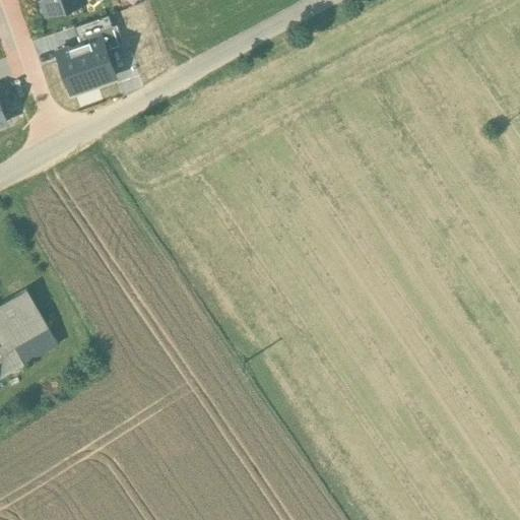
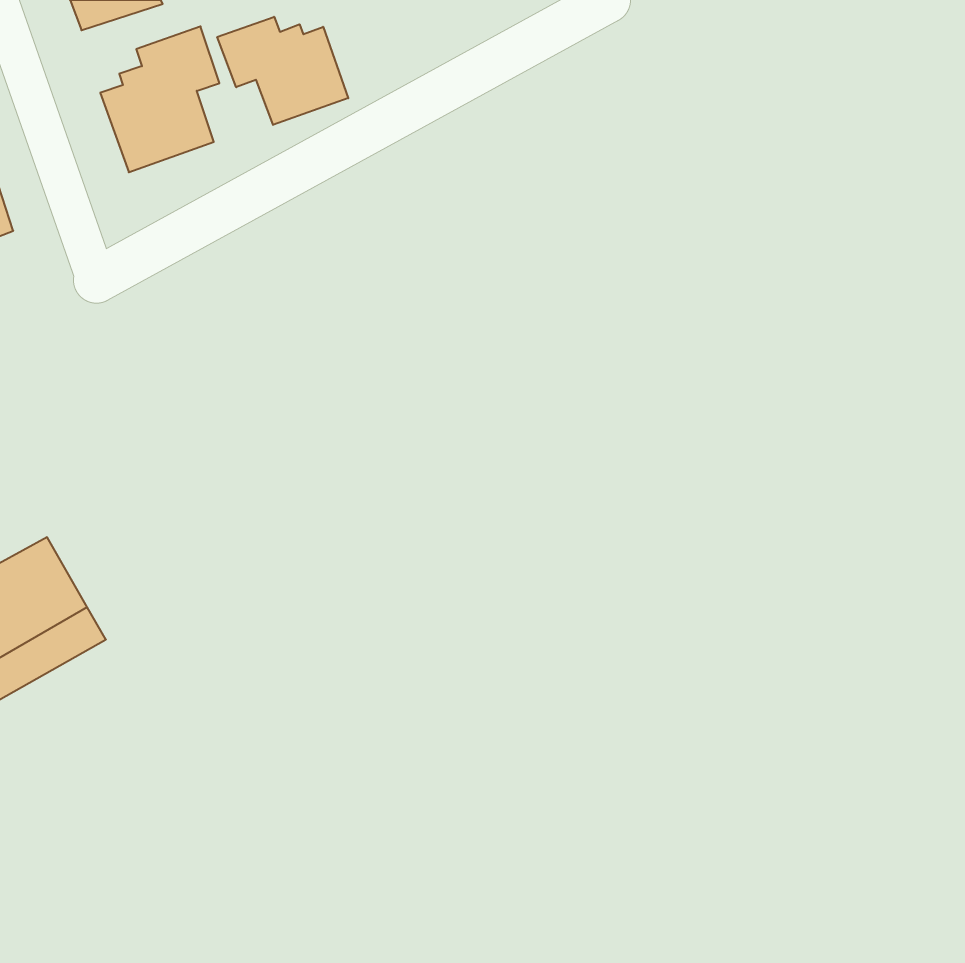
building: none -> [217,17,348,125]

